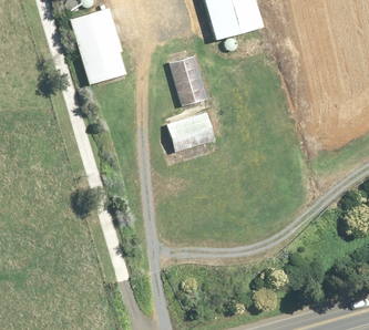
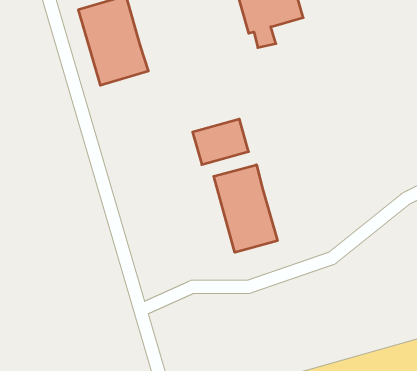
building: [170,55,208,105] -> none
building: none -> [214,165,277,252]

